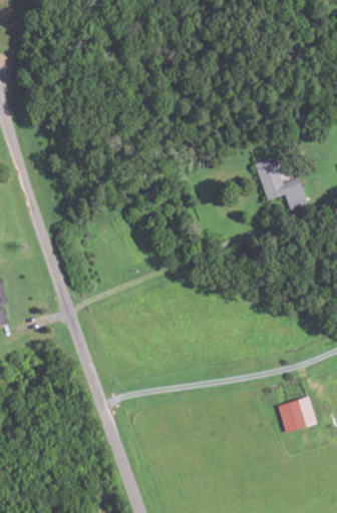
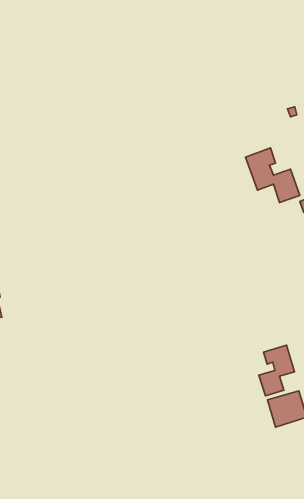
building: none -> [259,345,294,396]

